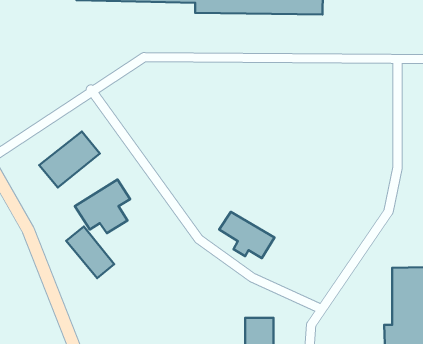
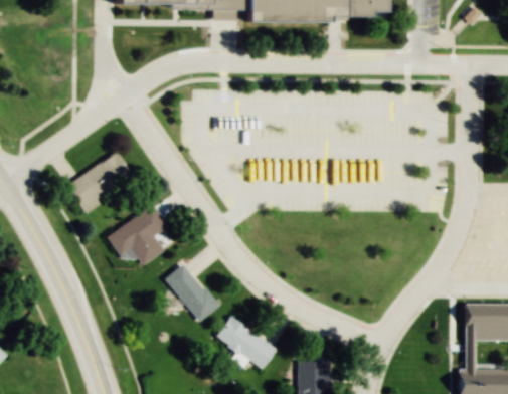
building: [219,212,274,258] -> [217,318,280,370]
building: [66,227,114,278] -> [166,263,220,322]

